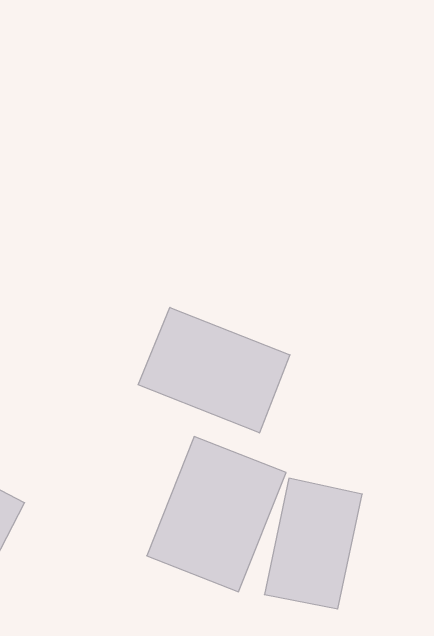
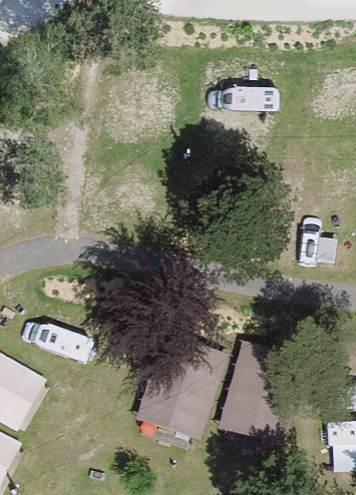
building: [138,307,290,433] -> none

